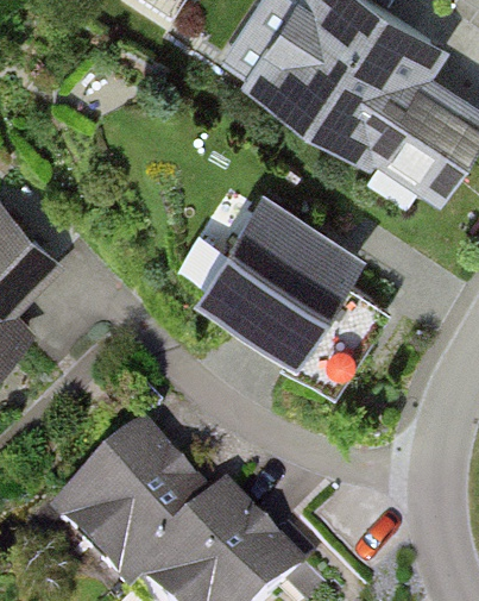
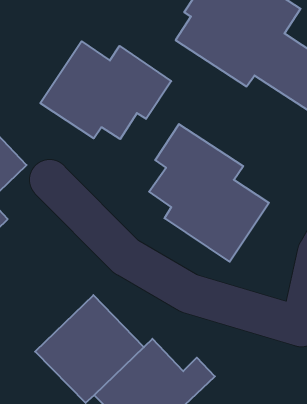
building: none -> [40,41,171,139]

